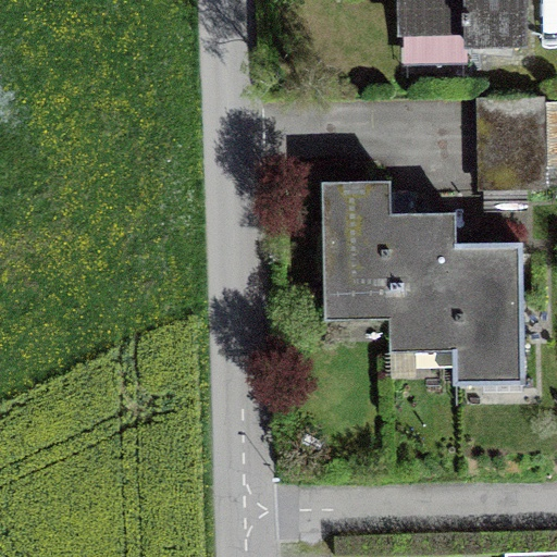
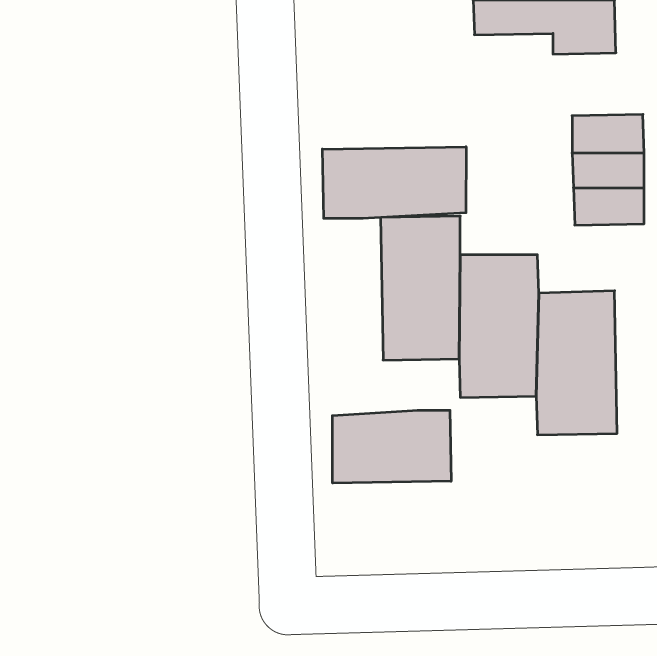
building: none -> [322,147,466,218]
building: none -> [332,410,451,483]

